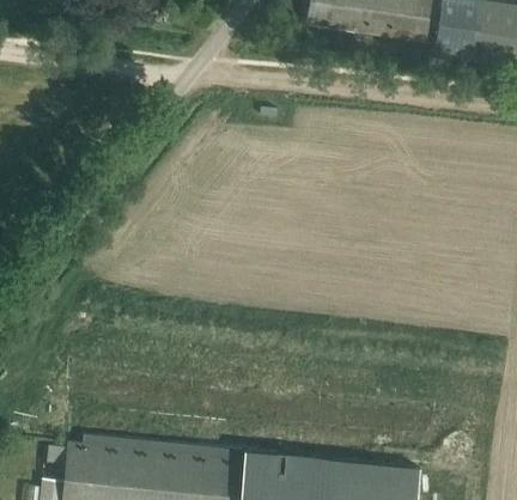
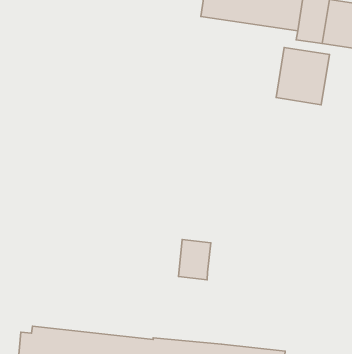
building: none -> [276,47,329,105]
building: none -> [178,240,211,280]

